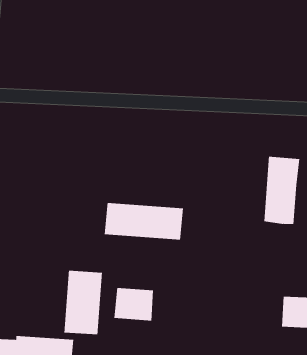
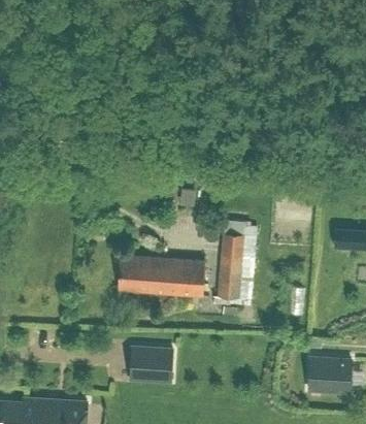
building: [264,156,300,224] -> [218,227,257,300]
building: [64,270,103,335] -> none

